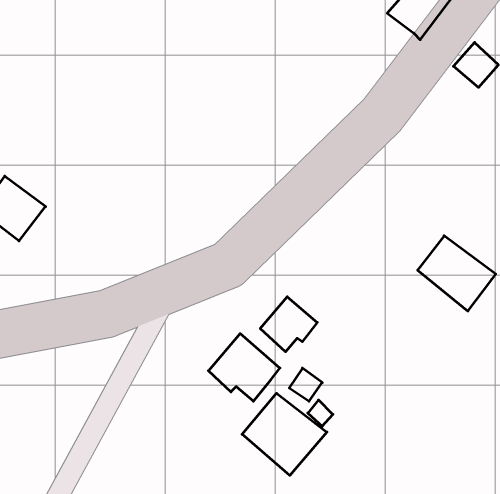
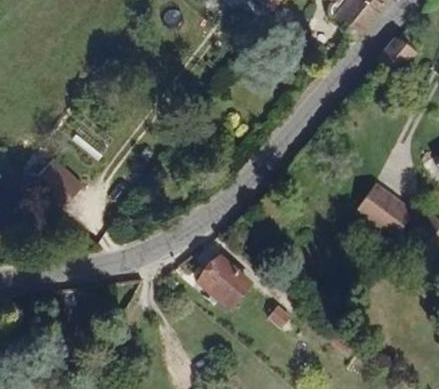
building: [260,297,317,352] -> none
building: [242,393,327,475] -> none

